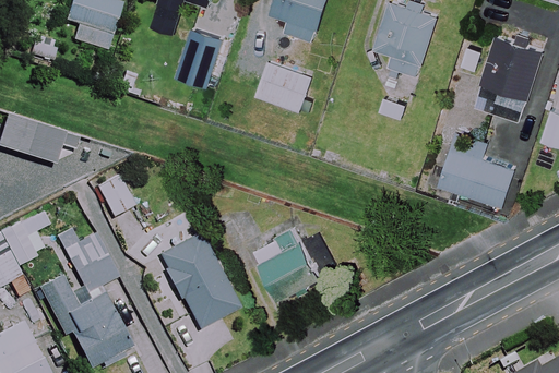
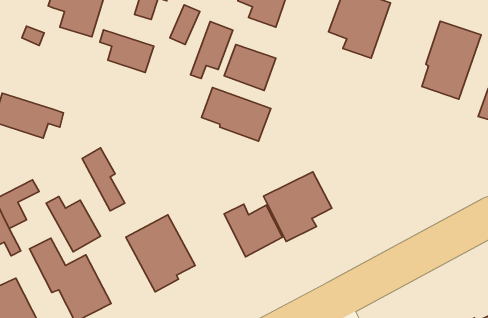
building: none -> [191,22,233,78]
building: none -> [100,30,154,73]
building: none -> [201,87,271,141]
building: [439,145,519,204] -> none
building: none -> [263,172,332,241]

